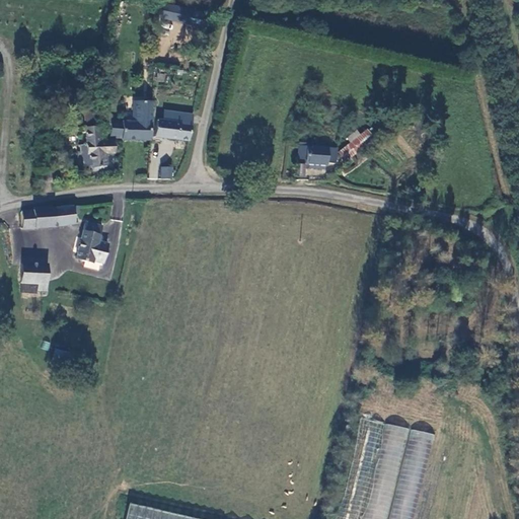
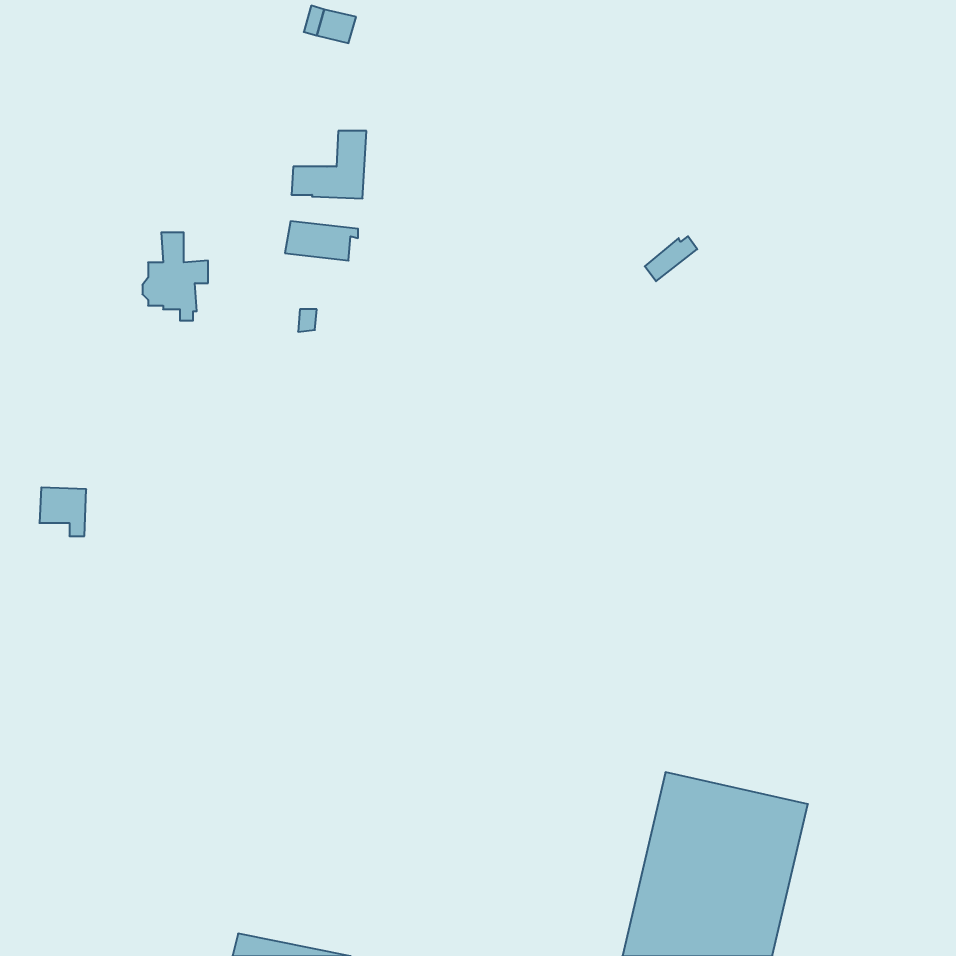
building: [112,103,152,140] -> [291,131,366,198]
building: [300,145,337,167] -> none
building: [23,204,81,228] -> none
building: [76,221,108,263] -> none

